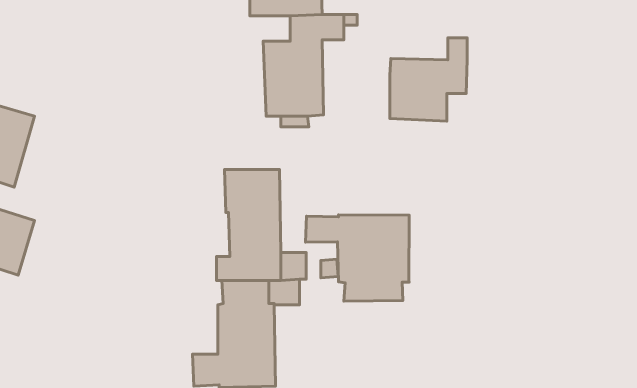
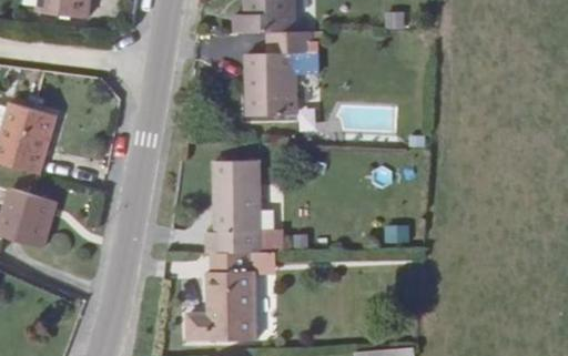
building: [390,38,467,121] -> none
building: [306,215,409,301] -> none

